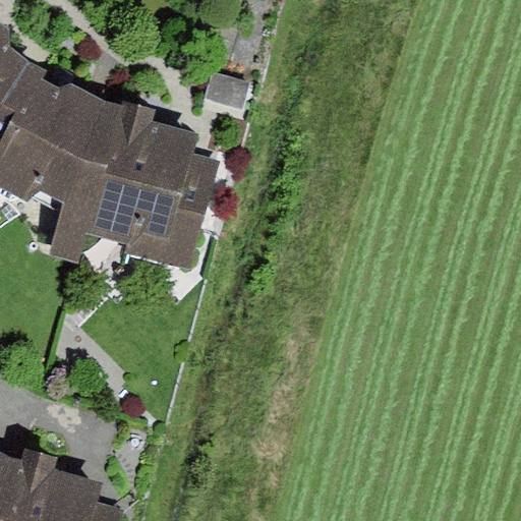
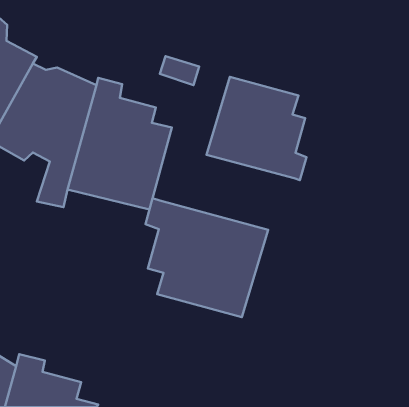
building: none -> [207,77,306,180]
building: none -> [145,198,268,317]

